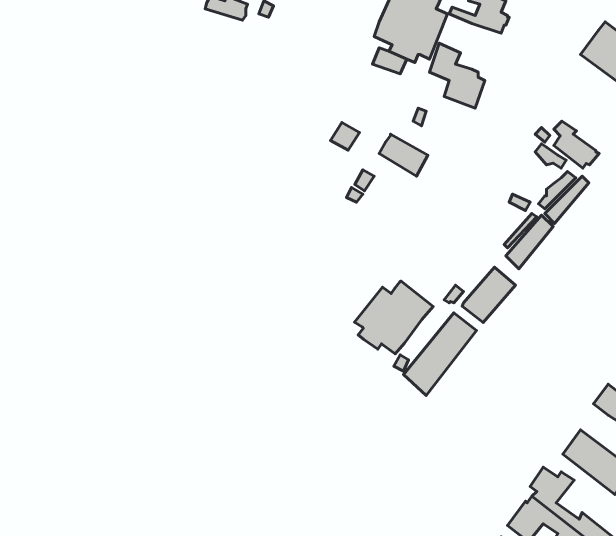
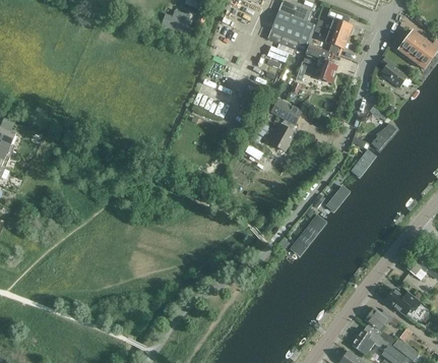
building: none -> [313,23,347,54]
building: [554,121,599,168] -> [380,57,409,86]
building: none -> [268,122,295,150]
building: [355,281,433,354] -> none

